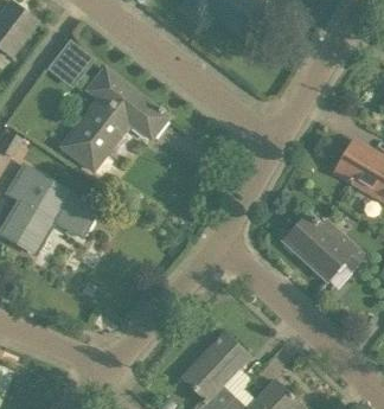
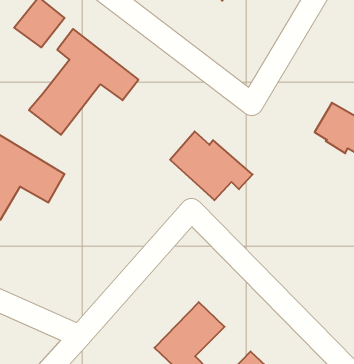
building: [283,215,363,281] -> [170,131,253,200]

